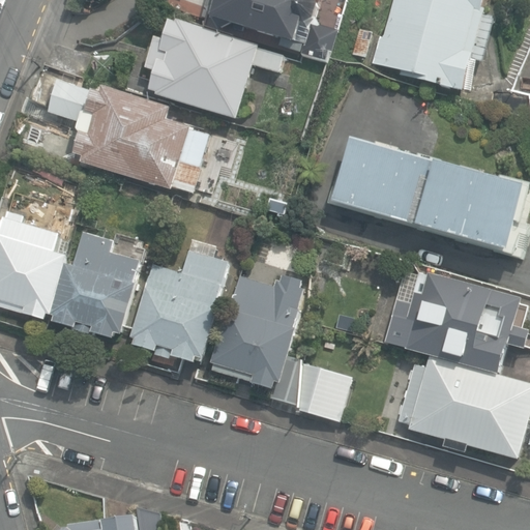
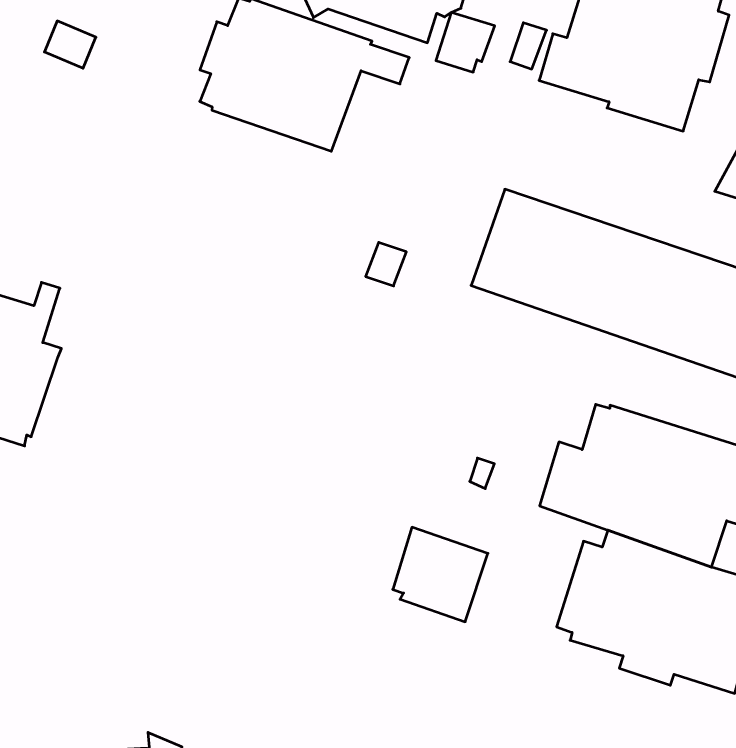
building: [31,65,208,193] -> none
building: [49,232,140,338] -> none
building: [130,251,231,363] -> none
building: [211,272,305,400] -> none

